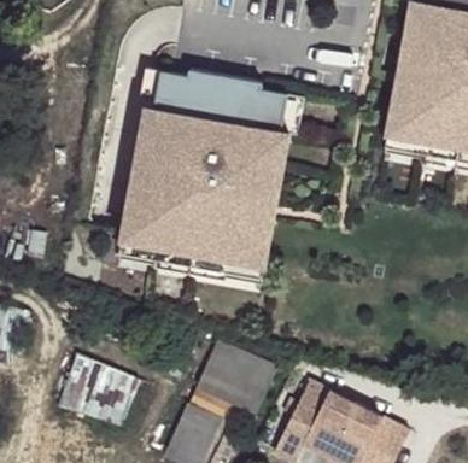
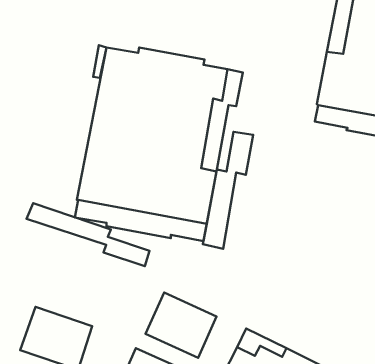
building: none -> [203,132,253,249]
building: none -> [27,203,150,266]

